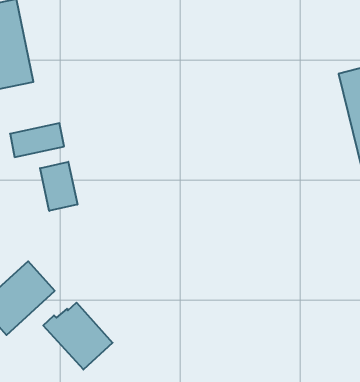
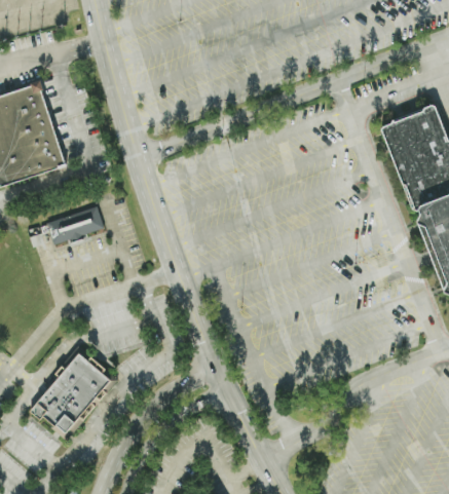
building: [40,162,77,211] -> none
building: [43,303,113,370] -> none

